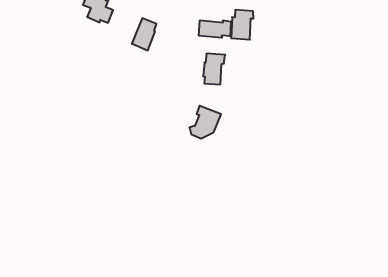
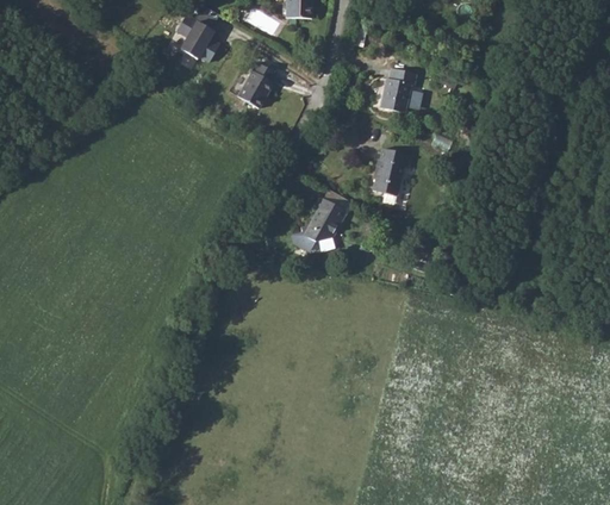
building: [199,20,231,38] -> none
building: [203,54,225,84] -> [373,151,409,198]

